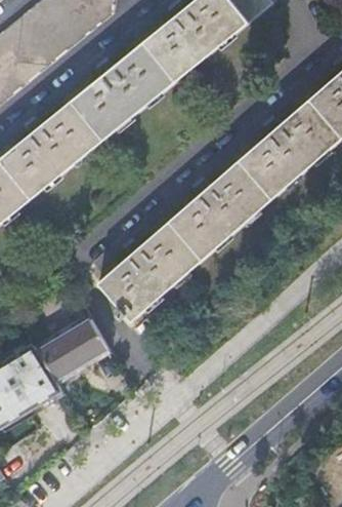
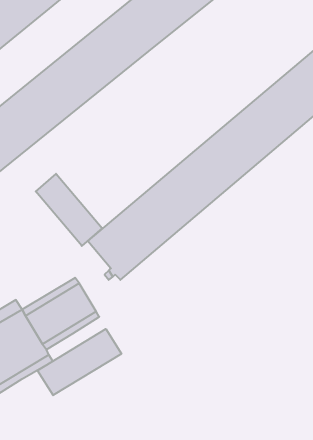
building: none -> [36,174,102,246]
building: none -> [37,329,121,395]

